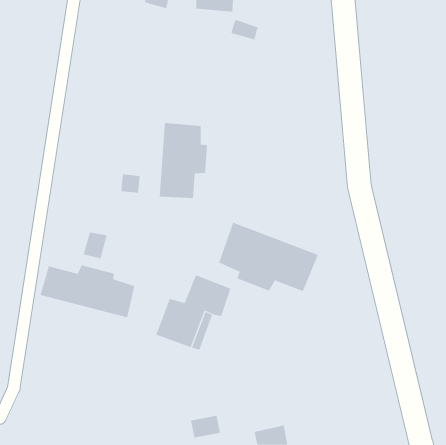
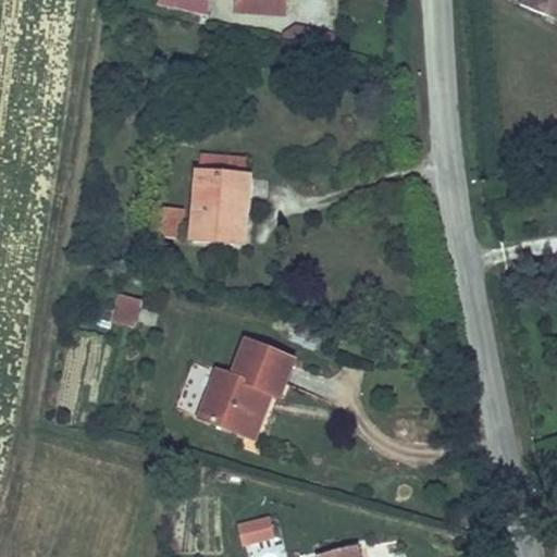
building: [218,222,318,292] -> none
building: [40,265,135,318] -> none

